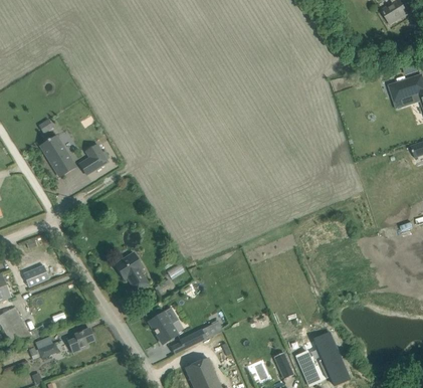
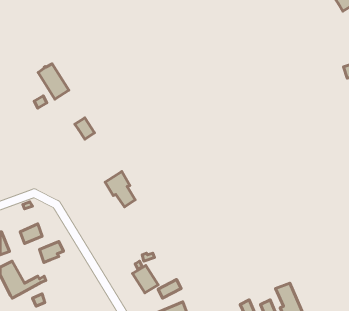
building: [40,136,75,176] -> [38,64,69,99]
building: [115,251,149,292] -> [105,172,135,207]
building: [67,328,94,352] -> [39,241,63,263]

